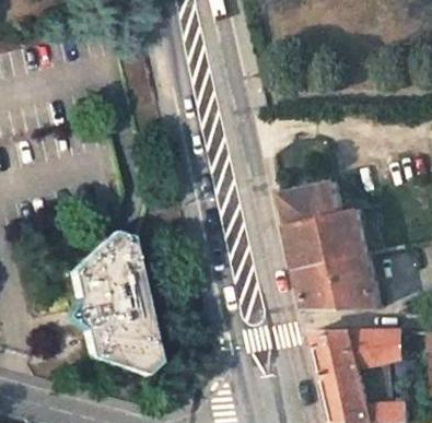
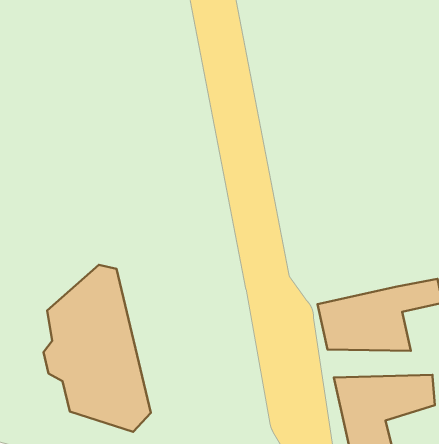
building: [283,181,370,267] -> none

